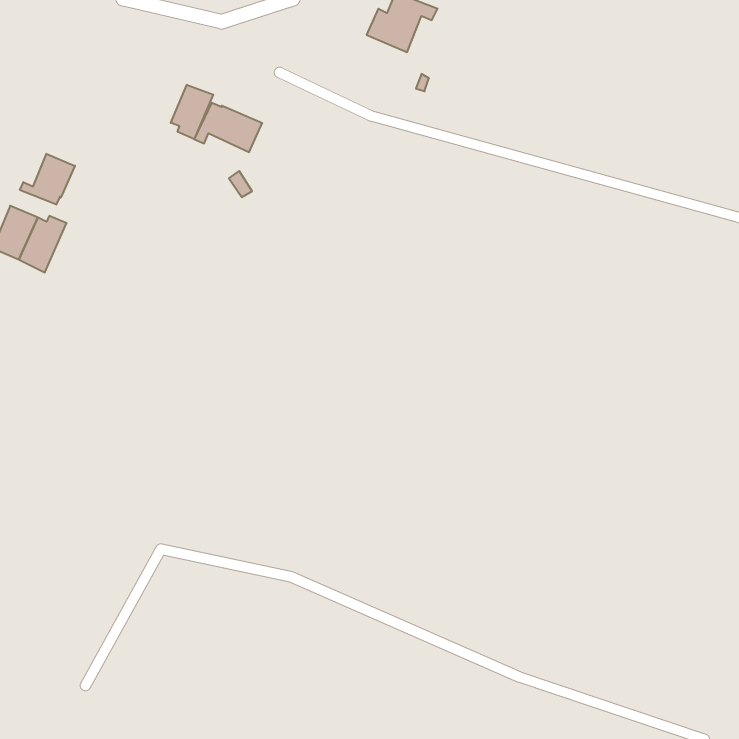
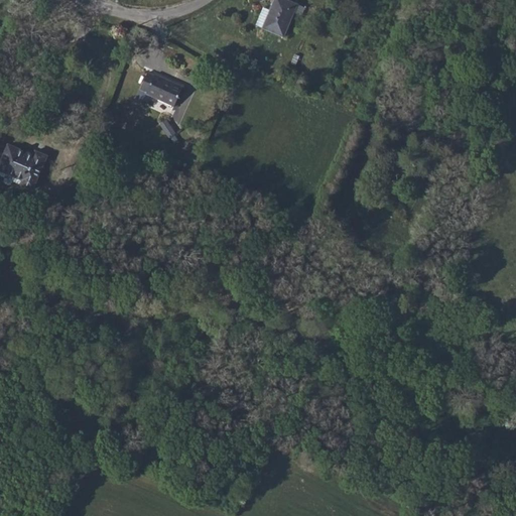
building: [171,85,213,139] -> none
building: [20,154,75,205] -> none

